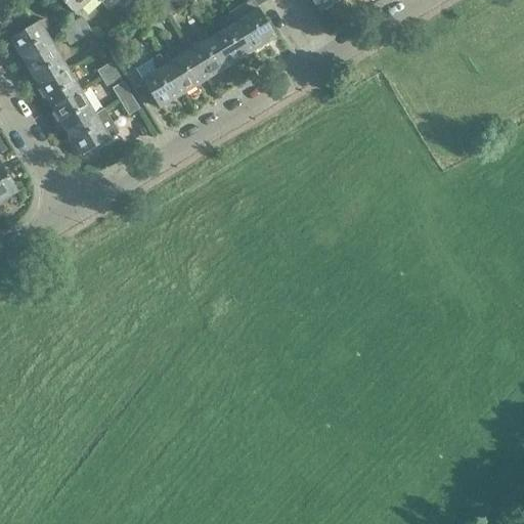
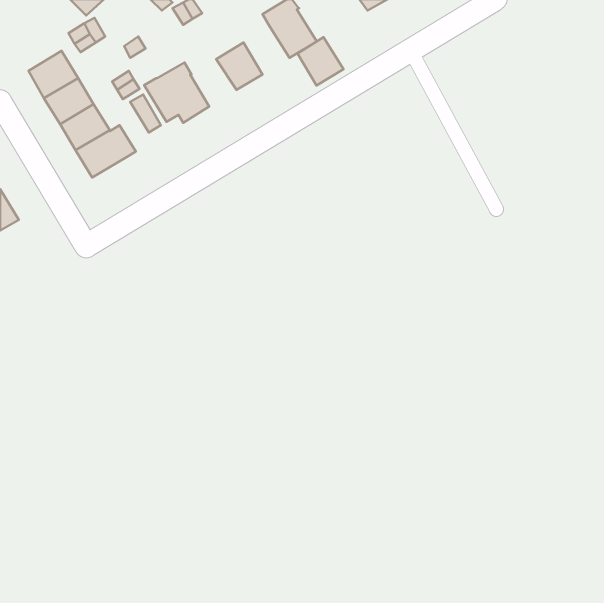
building: [10,20,53,61] -> none
building: [211,23,251,64] -> [297,37,344,86]
building: [165,51,205,92] -> none

